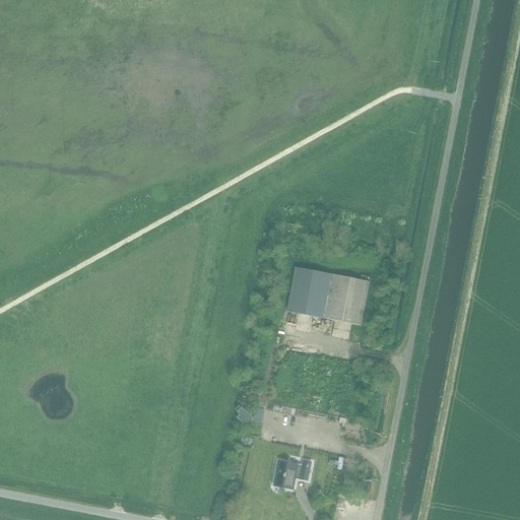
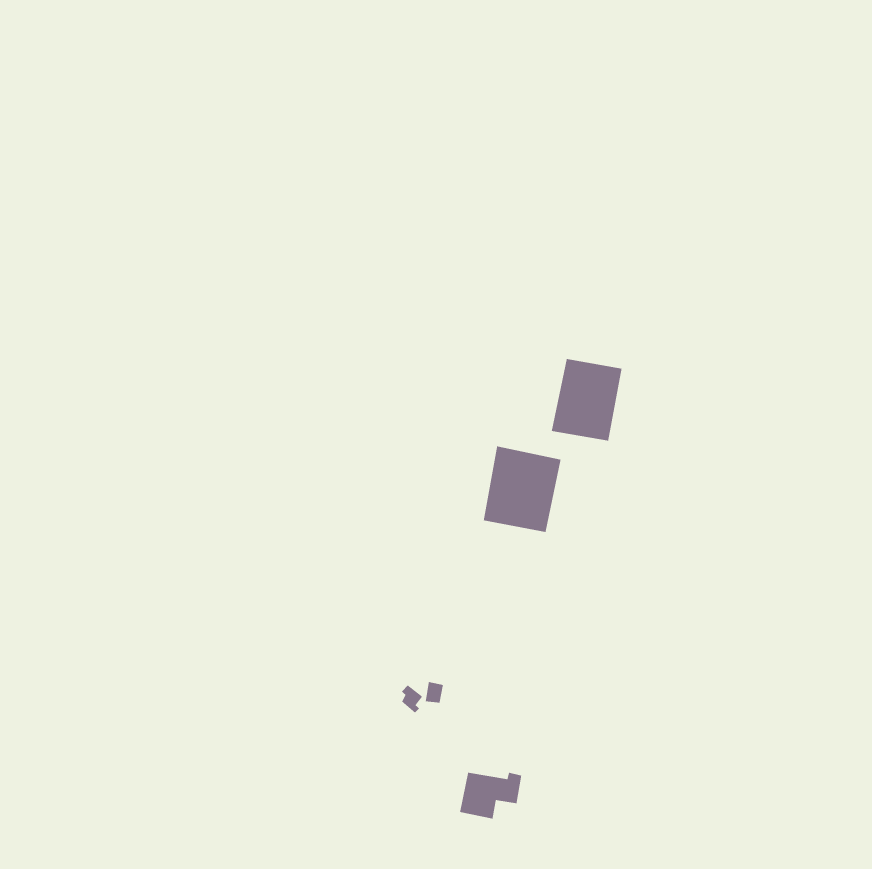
building: [325,273,368,323] -> [551,358,622,442]

